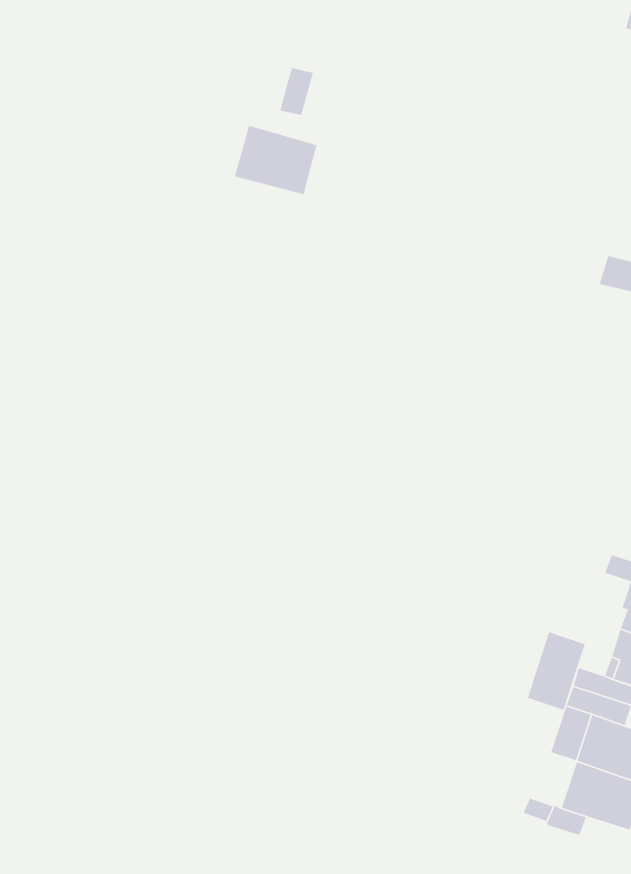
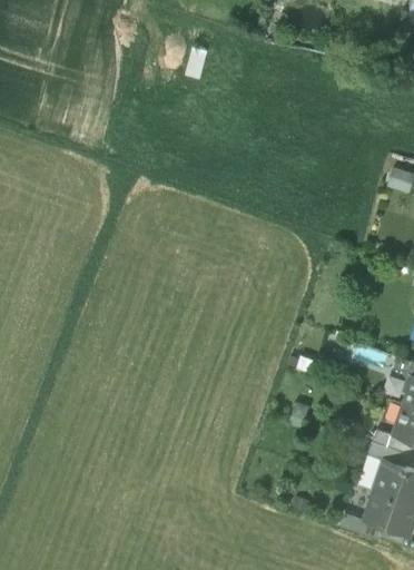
building: [234,125,318,195] -> none
building: [527,631,586,711] -> none

